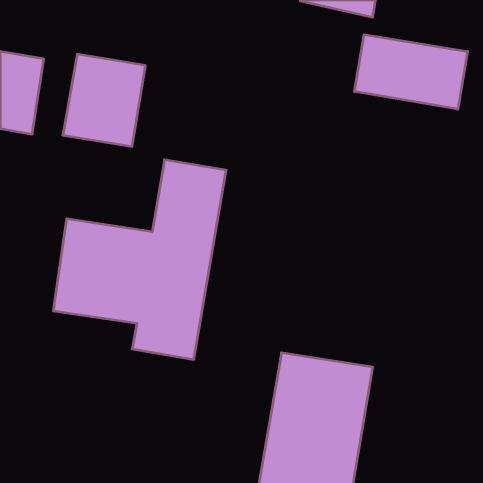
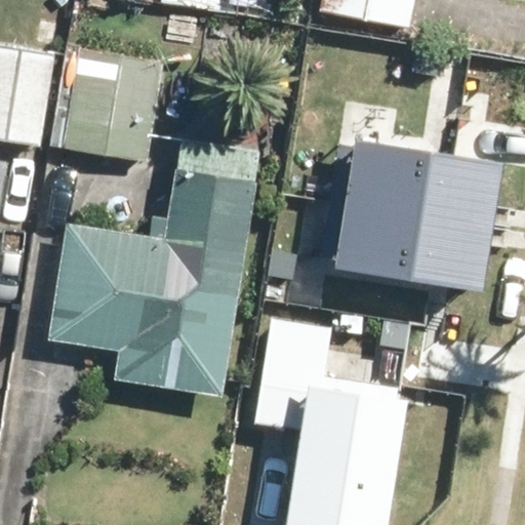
building: [354,35,468,109] -> none
building: none -> [337,137,502,284]

